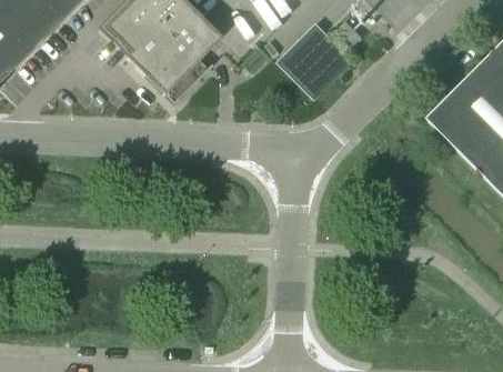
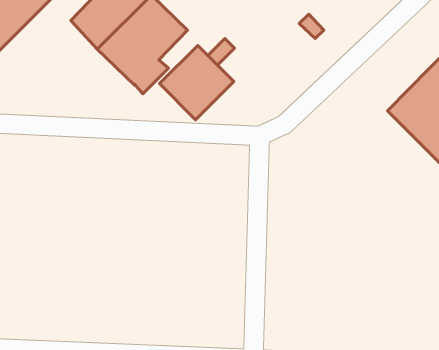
building: [275,20,353,98] -> [159,45,234,120]

